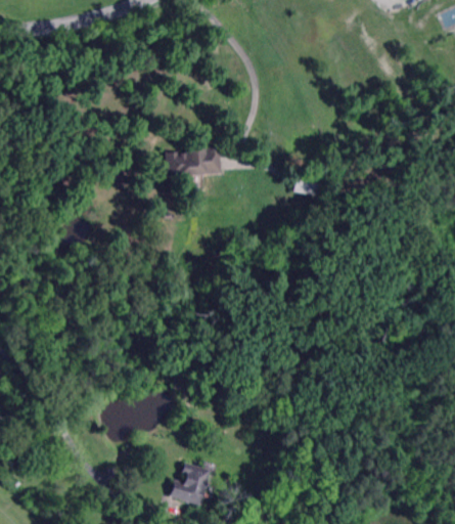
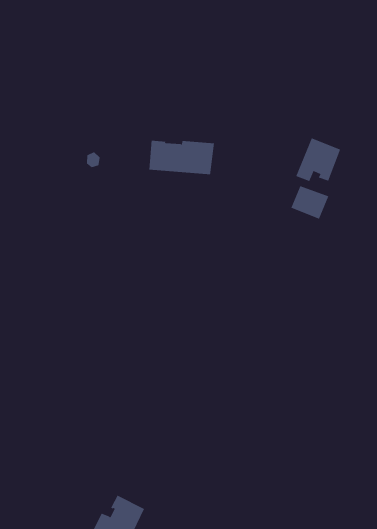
building: none -> [295,137,341,182]

